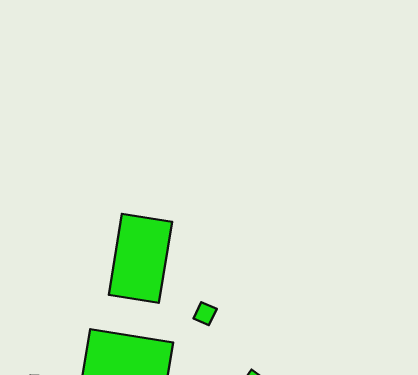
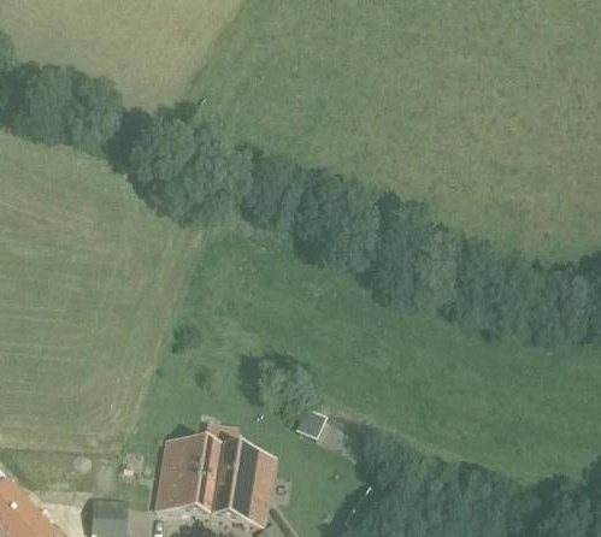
building: [109,214,172,303] -> none

